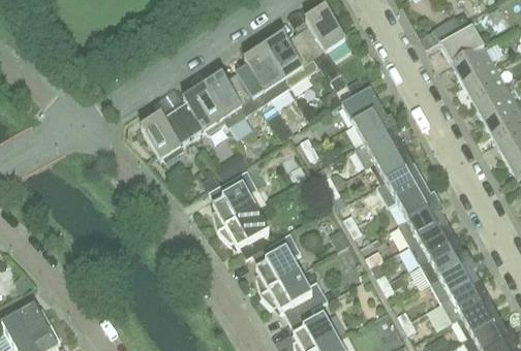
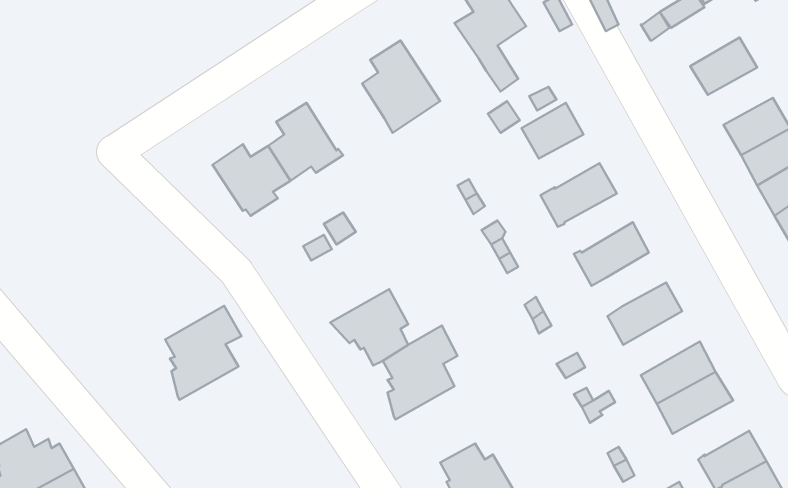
building: [440,25,484,63] -> none
building: [264,34,319,86] -> none
building: [463,64,505,101] -> none
building: [203,74,253,125] -> none
building: [354,107,393,142] -> none
building: [370,146,415,184] -> none
building: [209,168,258,229] -> [165,306,242,400]
building: [397,184,436,219] -> none
building: [408,222,458,263] -> none
building: [261,270,328,320] -> none
building: [432,280,490,325] -> none

